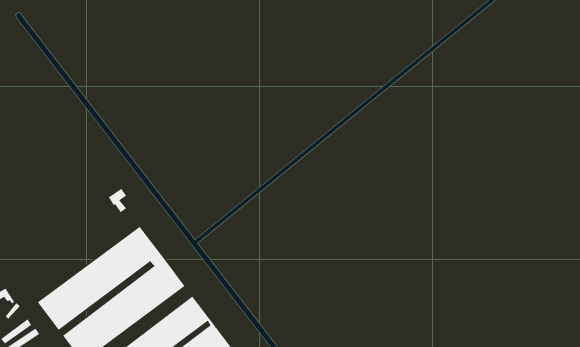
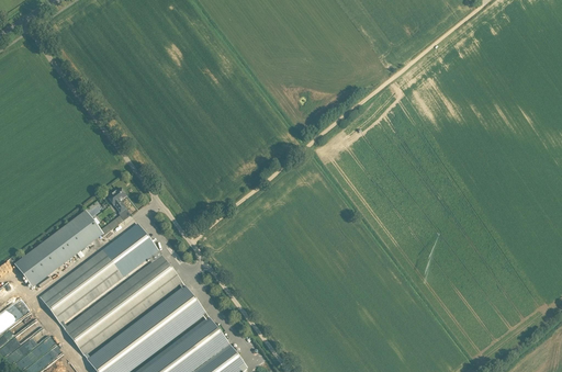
building: none -> [14,211,102,285]

